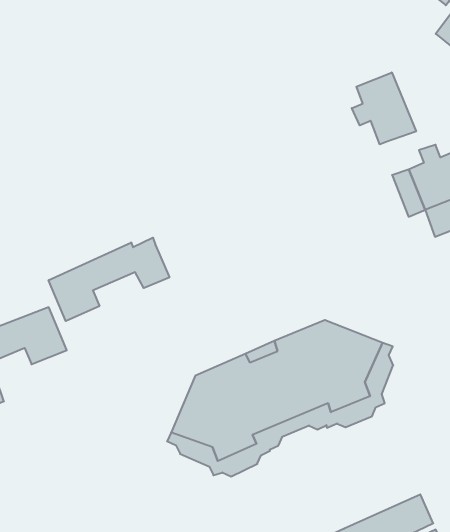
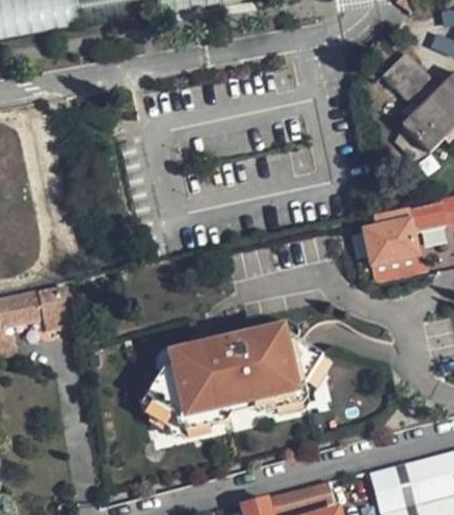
building: [352,72,416,144] -> none
building: [49,238,169,321] -> none

